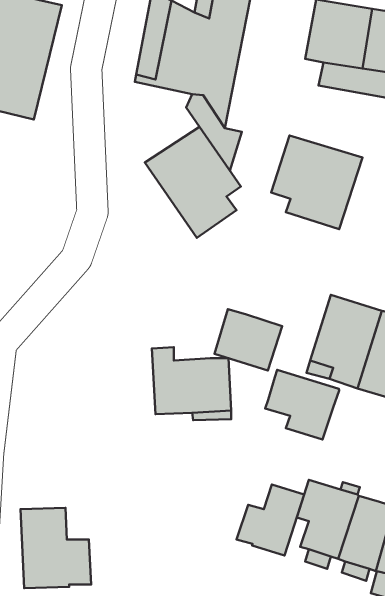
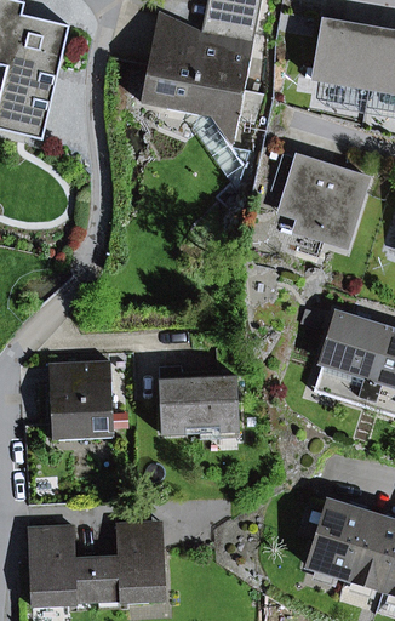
building: [145,127,241,238] -> none
building: [215,309,282,370] -> none
building: none -> [50,360,114,438]
building: [265,370,339,440] -> none
building: [237,485,304,555] -> none
building: none -> [97,520,165,602]

